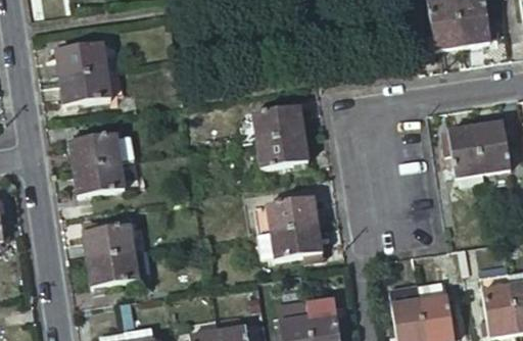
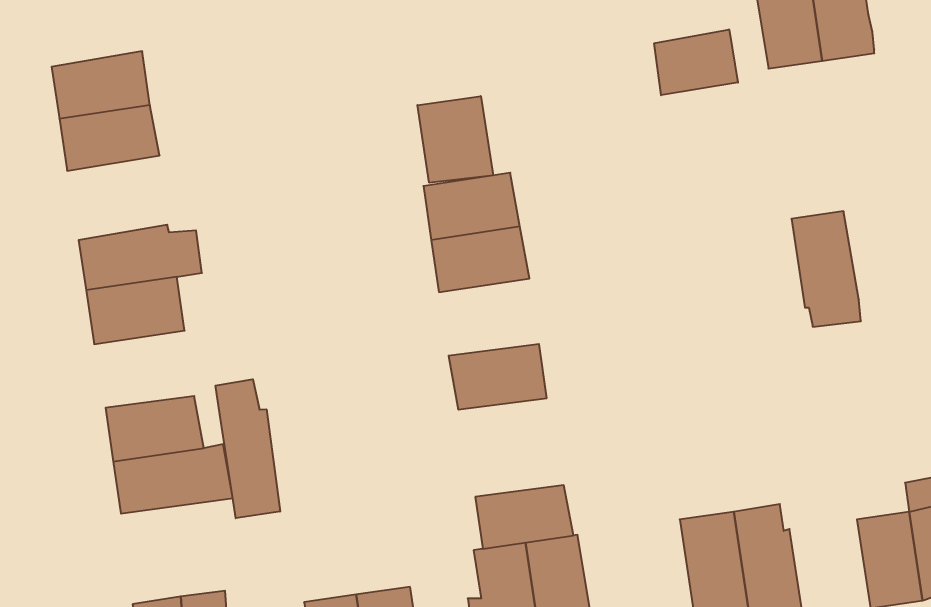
building: none -> [654,29,738,95]
building: none -> [417,96,493,183]
building: [475,121,511,173] -> none
building: none -> [216,379,280,518]
building: [271,225,323,258] -> [475,485,573,549]

